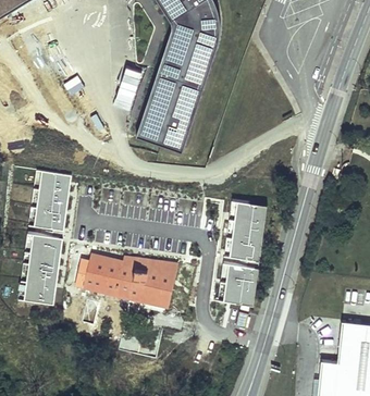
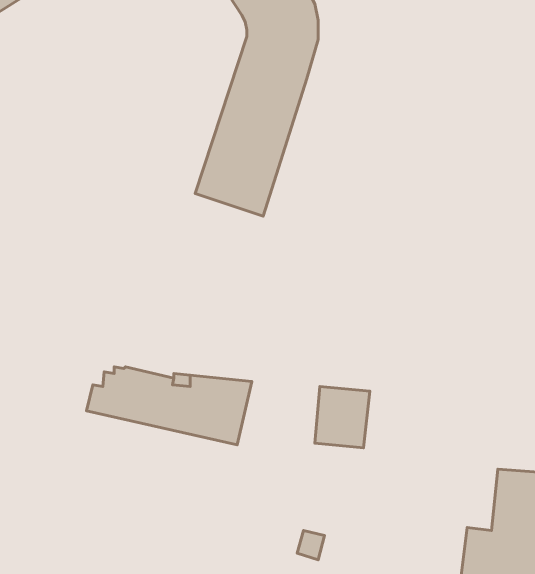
building: [29,169,71,228] -> none
building: [224,202,264,262] -> none
building: [17,234,62,307] -> none

